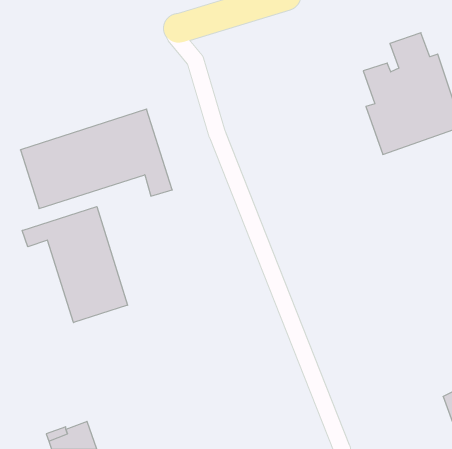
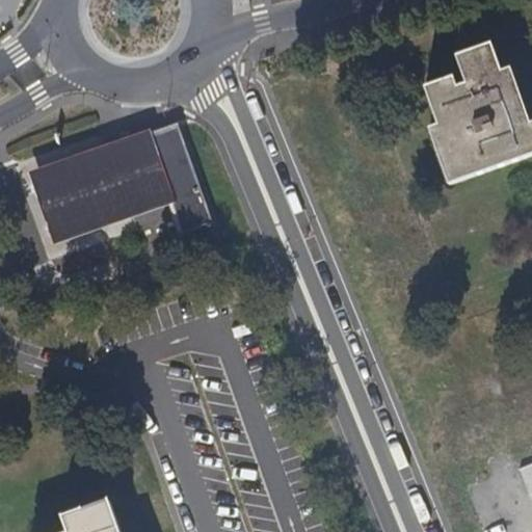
building: [22,207,128,323] -> none

